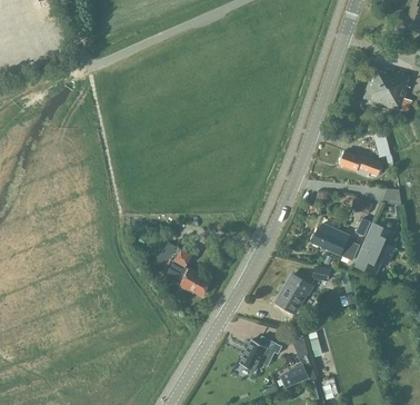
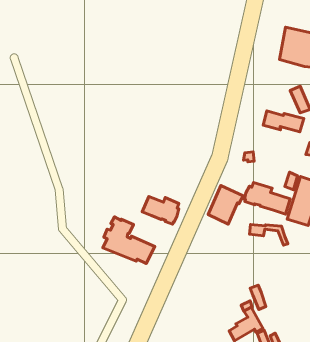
building: none -> [142,196,179,224]
building: [274,274,313,315] -> [208,186,243,224]
building: [239,335,274,371] -> none

